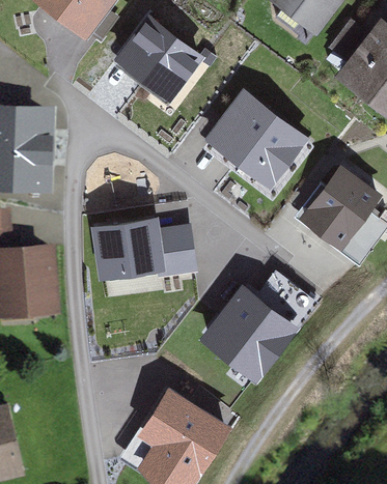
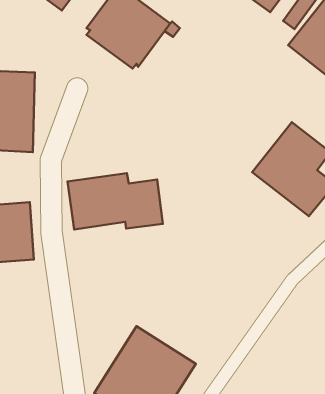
building: [201,88,309,192] -> none
building: [198,283,300,385] -> none

